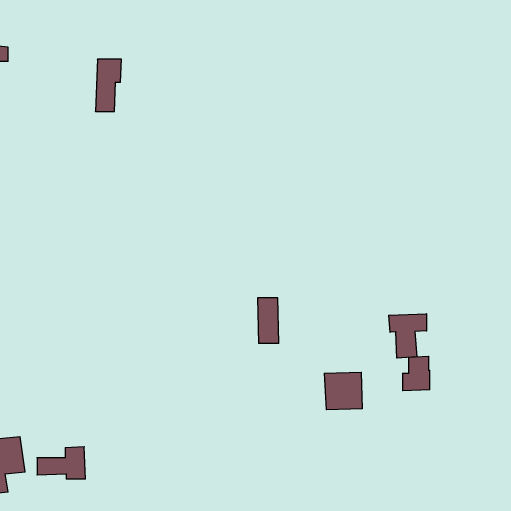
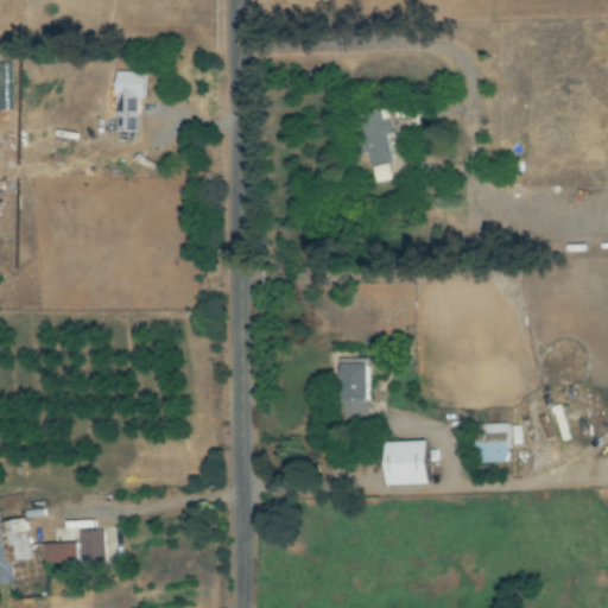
building: none -> [360,107,391,179]
building: [258,298,279,343] -> [343,363,368,417]
building: [389,314,427,358] -> none

